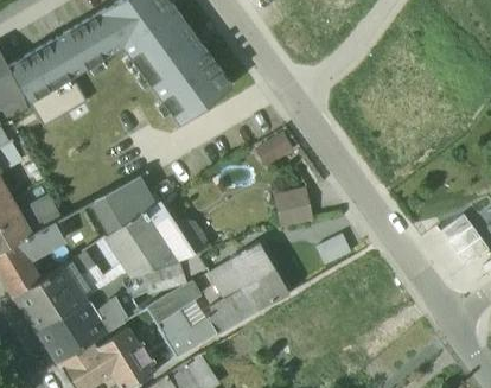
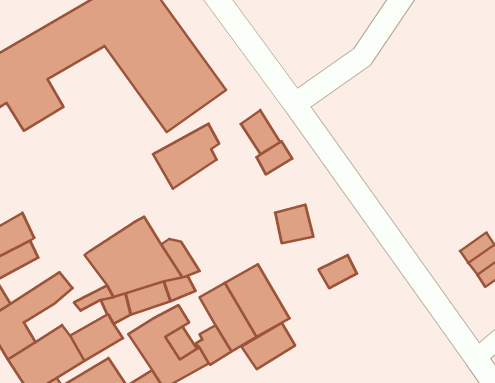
building: none -> [241,110,280,154]
building: [93,174,152,233] -> [153,124,219,189]
building: none -> [241,323,295,369]

